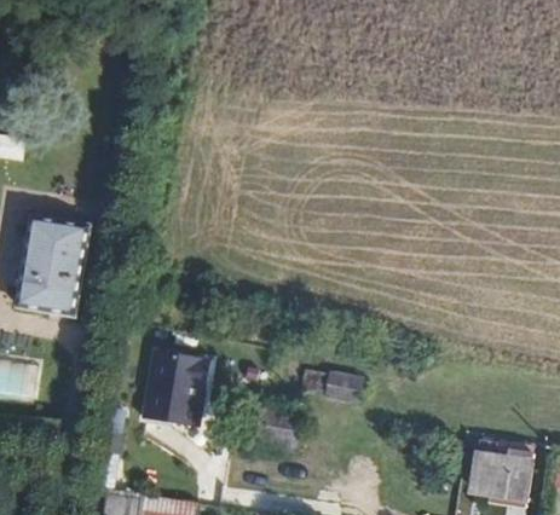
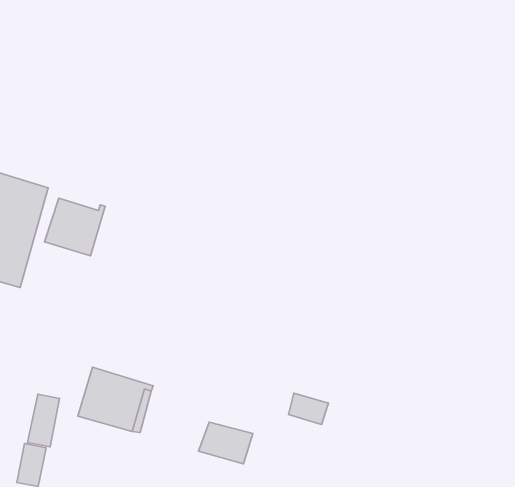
building: none -> [45,198,105,256]
building: [150,351,209,384] -> none

